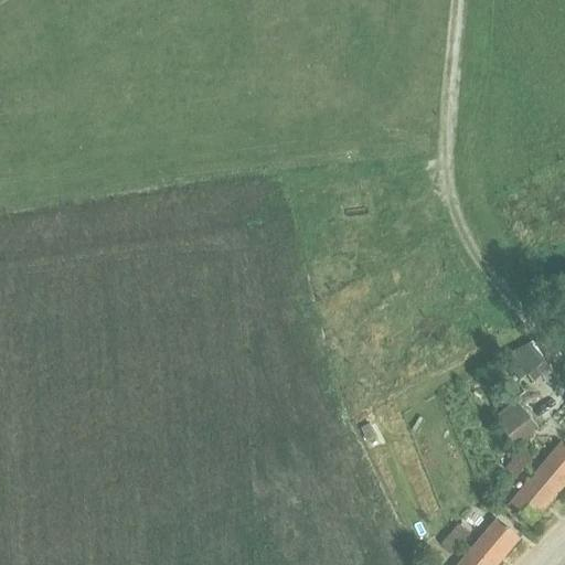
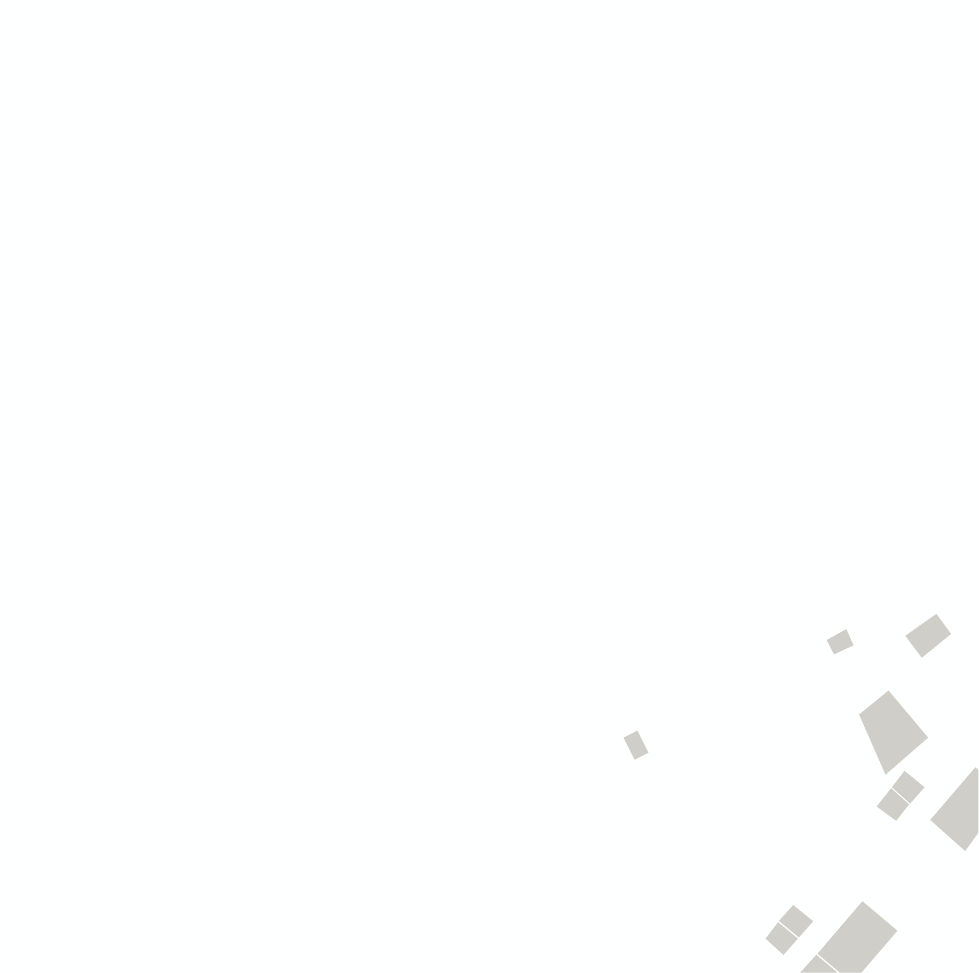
building: [509,472,556,522] -> none

